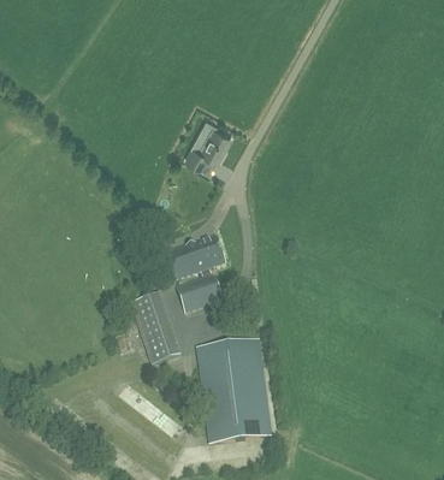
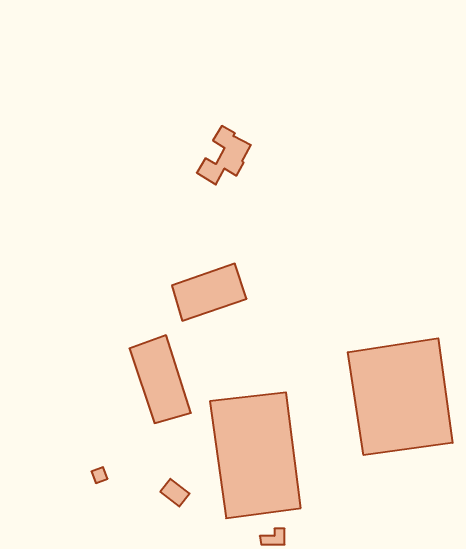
building: [174,274,221,312] -> none
building: none -> [348,338,453,455]

